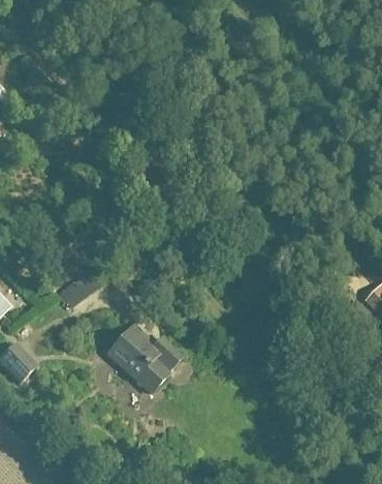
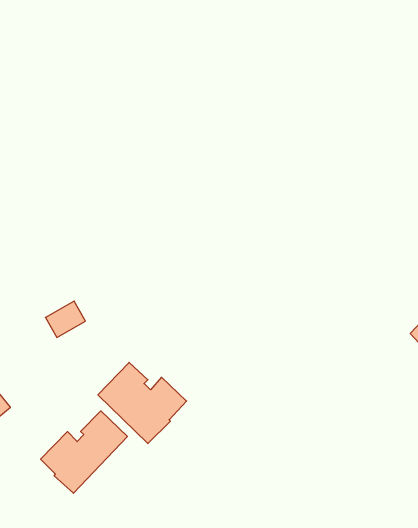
building: none -> [41,411,127,493]

